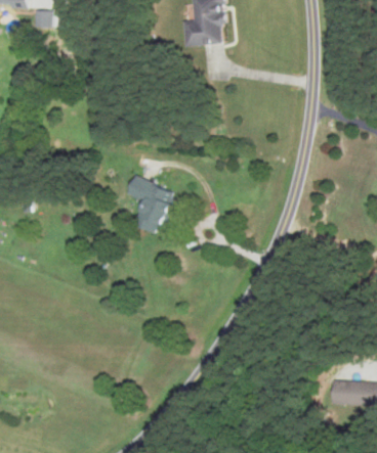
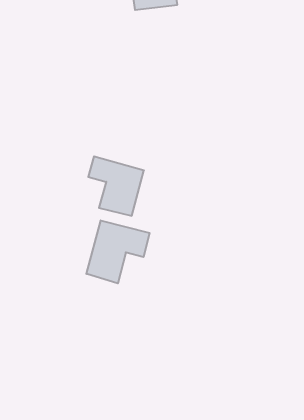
building: none -> [86,220,150,283]

